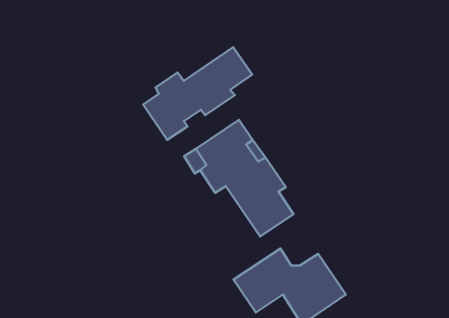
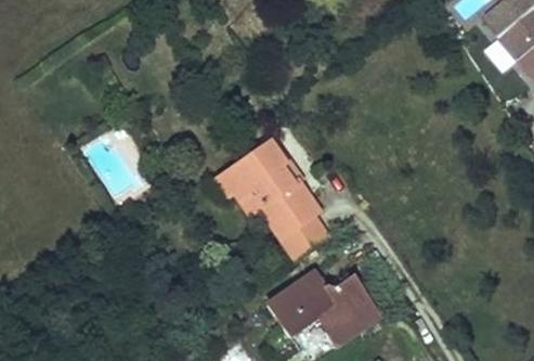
building: [143,47,252,140] -> none

